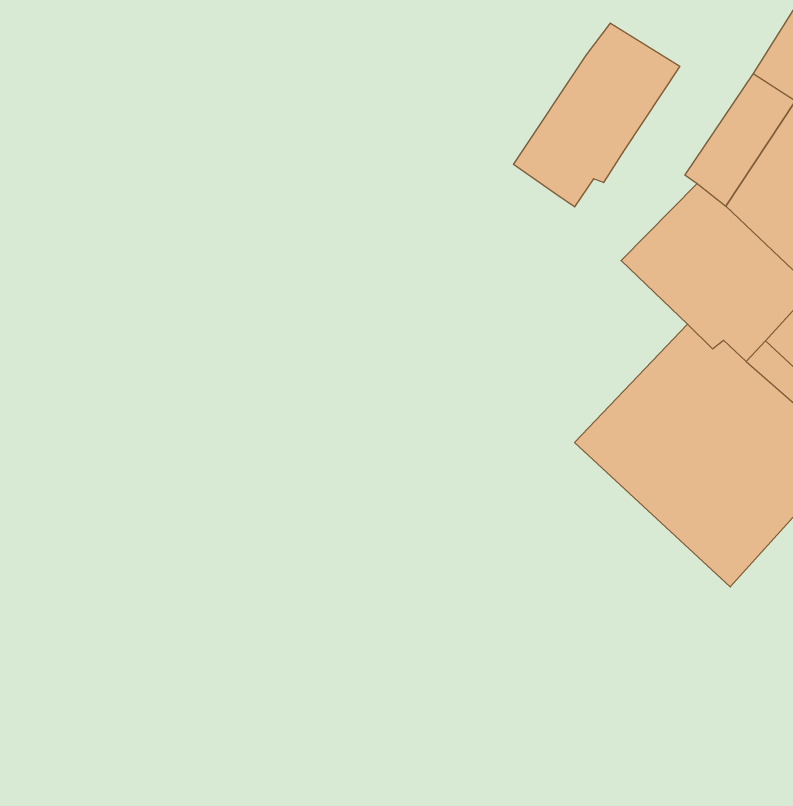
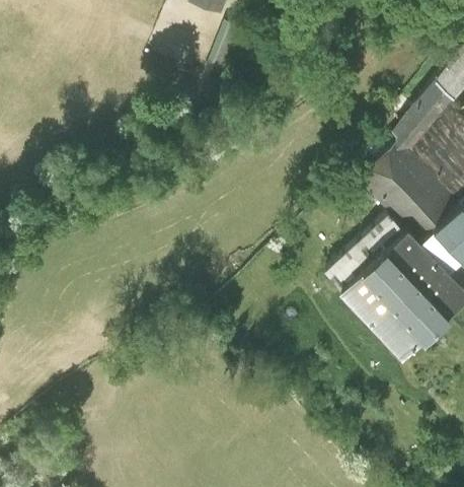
building: [514,23,680,207] -> none

